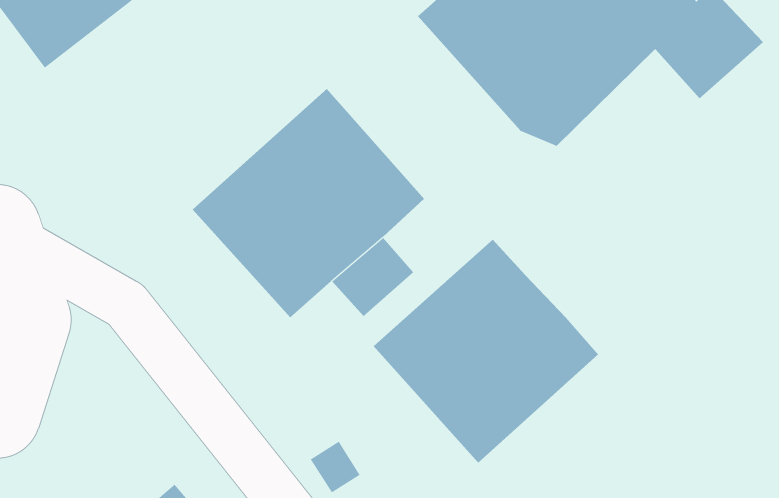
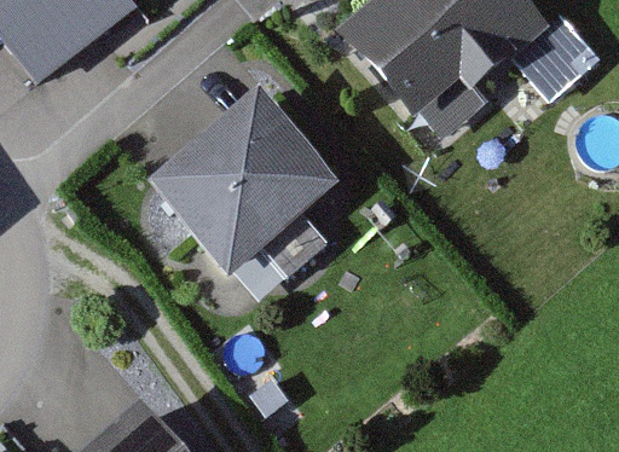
building: [373,239,599,464] -> none

